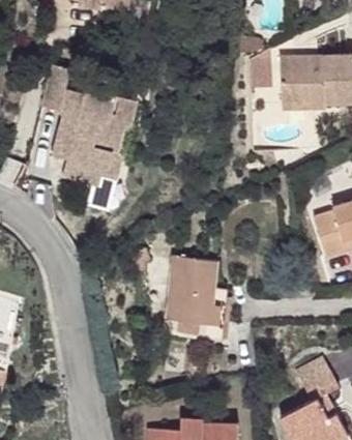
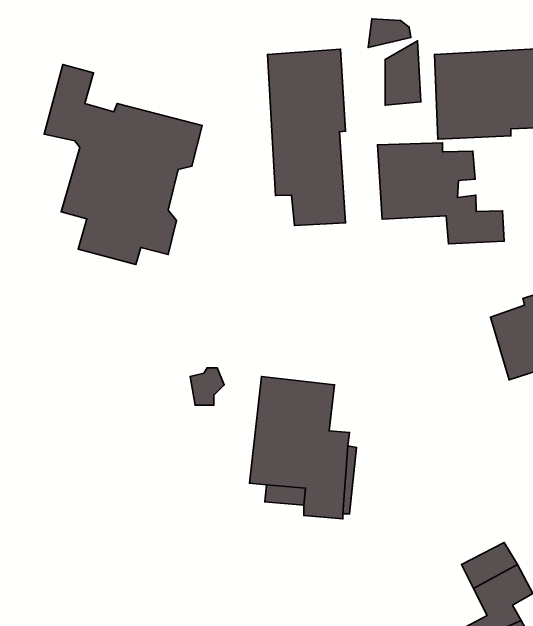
building: none -> [268,49,346,226]
building: none -> [378,143,504,244]

